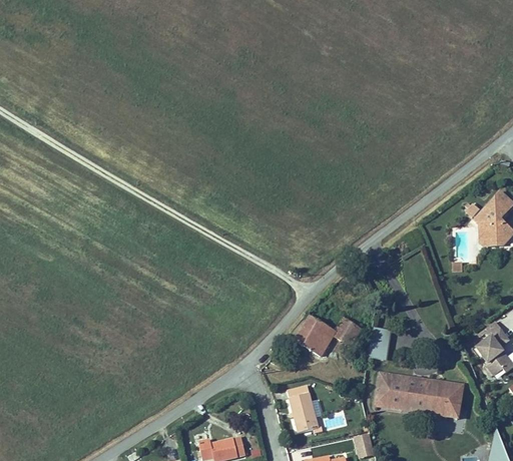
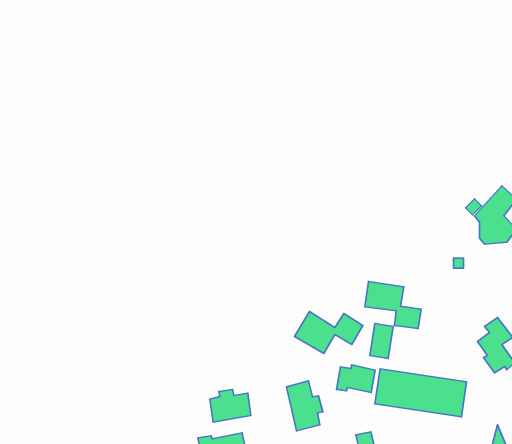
building: none -> [365,281,421,328]
building: none -> [336,365,375,393]
building: none -> [210,390,251,422]

